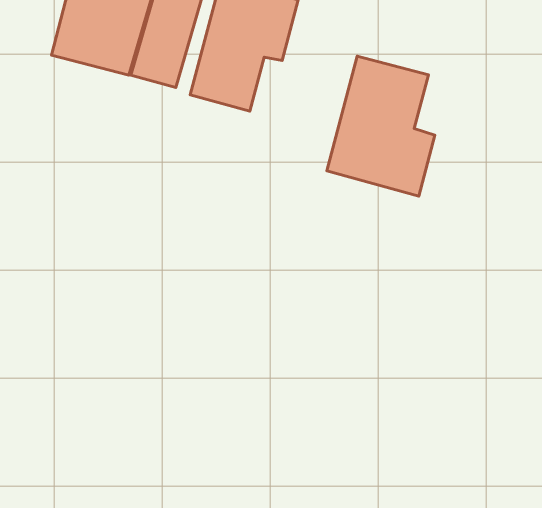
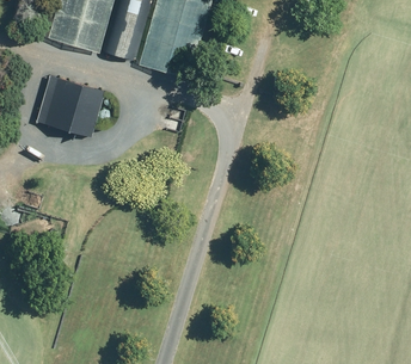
building: [327,56,435,196] -> none
building: none -> [32,74,100,136]

